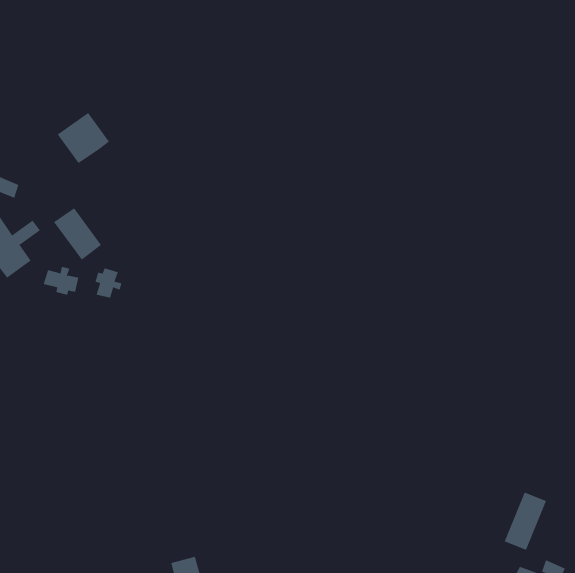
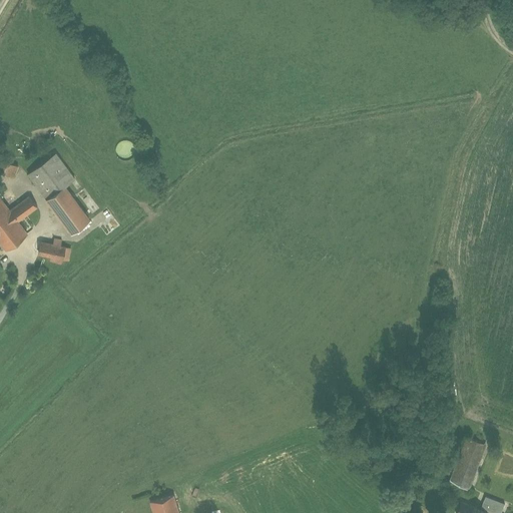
building: [57,112,110,164] -> [28,154,75,200]
building: [95,268,122,299] -> none

